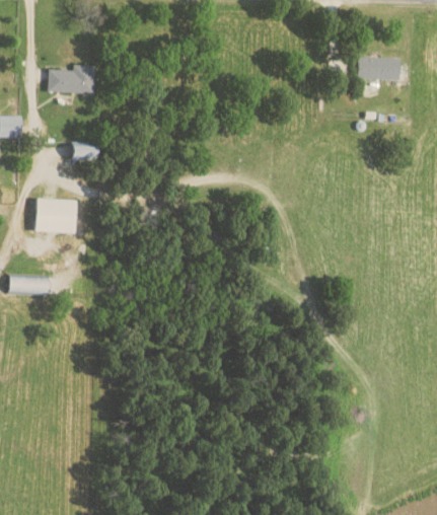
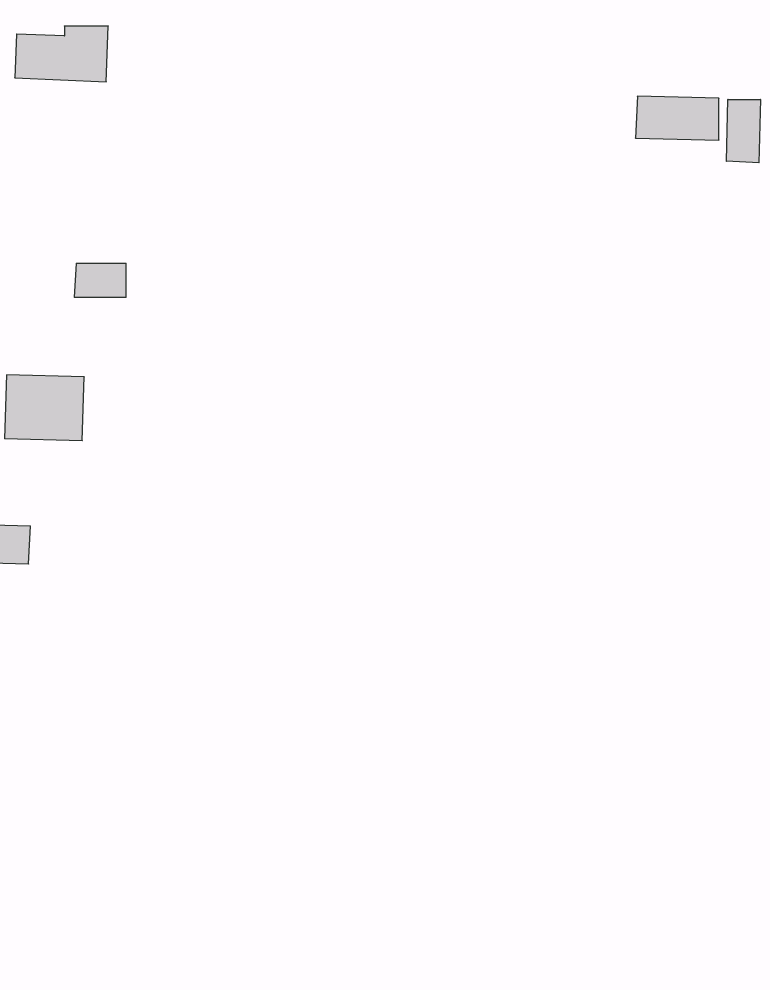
building: none -> [726,99,760,163]
building: [47,65,94,93] -> [15,26,108,82]

